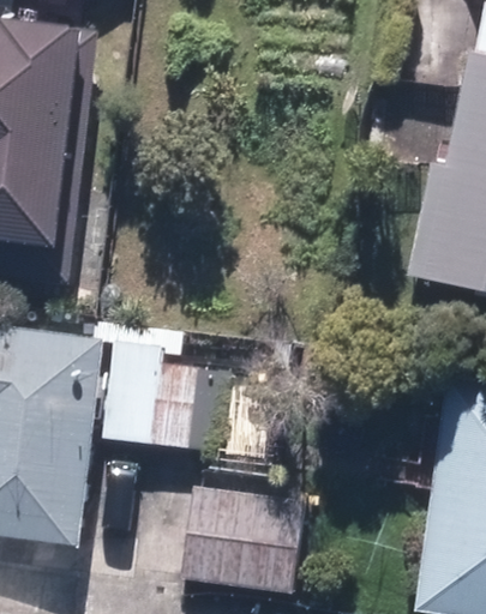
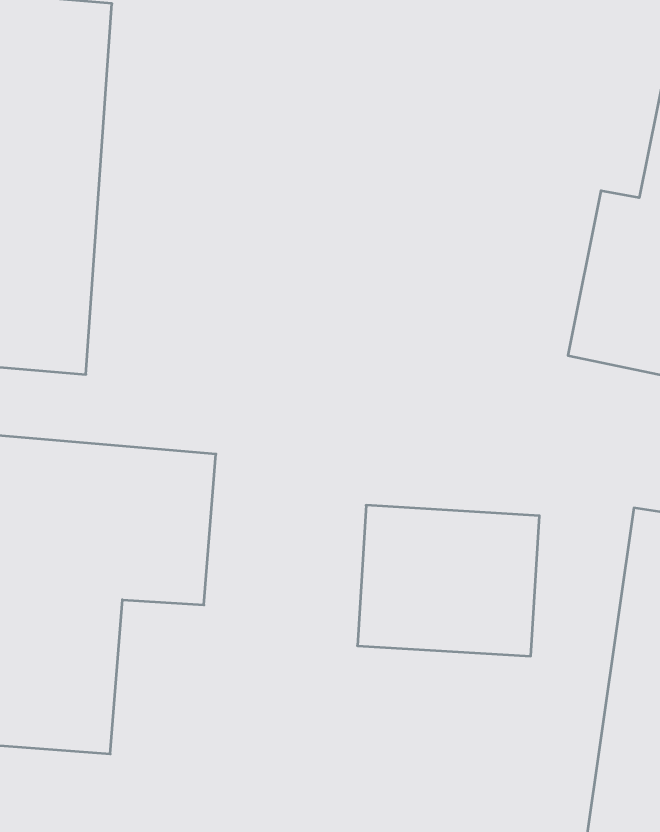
building: [180,487,306,591] -> [357,505,539,656]

